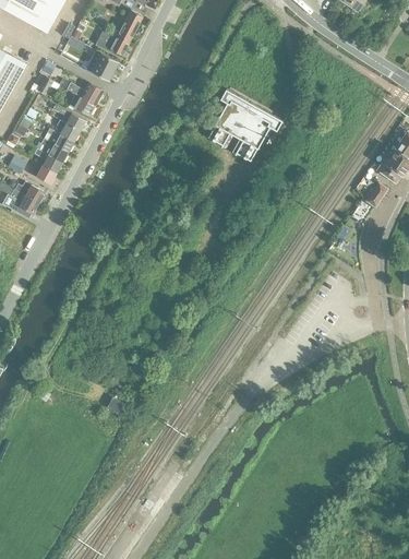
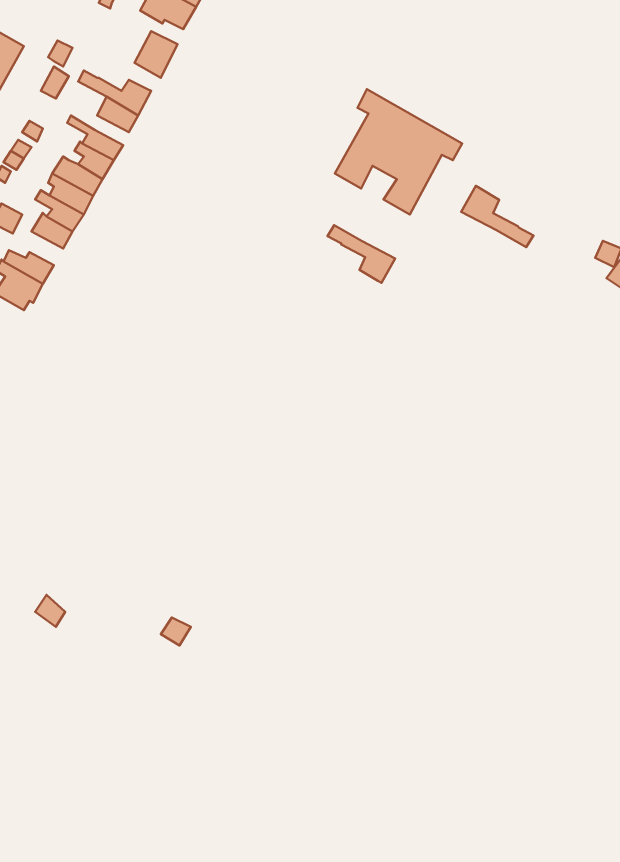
building: none -> [461,186,533,247]
building: none -> [327,225,395,283]

